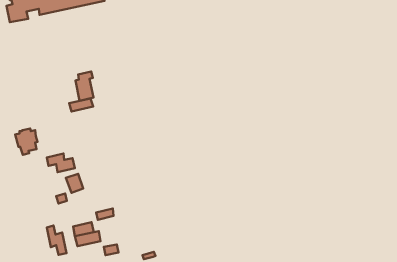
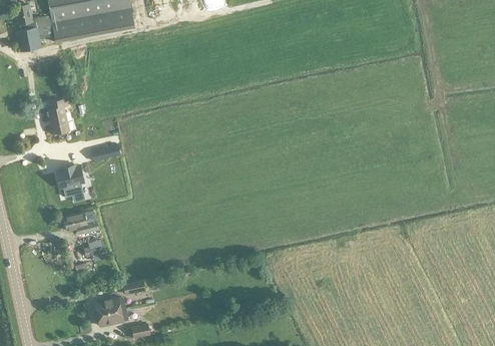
building: [76,71,94,101] -> [46,97,68,133]
building: [15,129,37,155] -> [55,164,82,197]
building: [47,226,67,255] -> none

